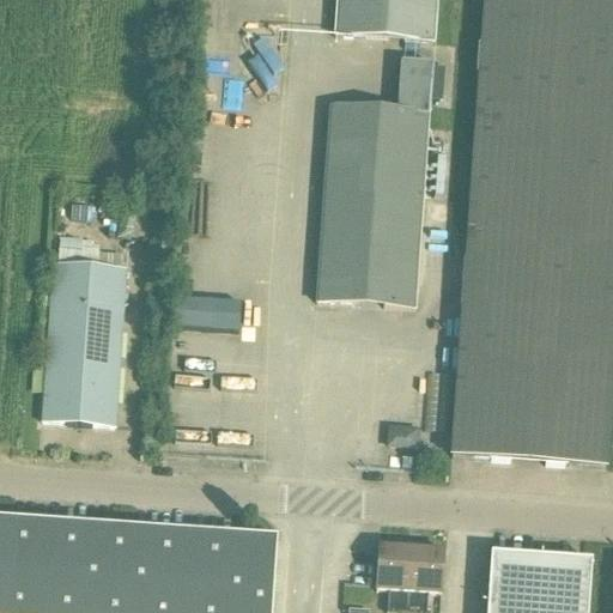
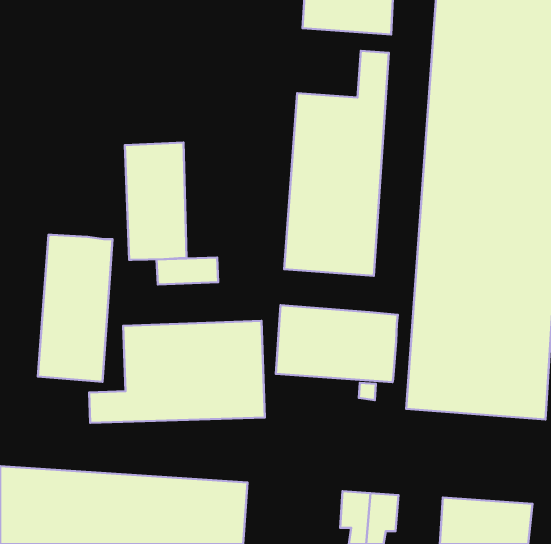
building: none -> [125,143,187,260]
building: none -> [276,305,398,382]
building: none -> [89,321,265,423]

